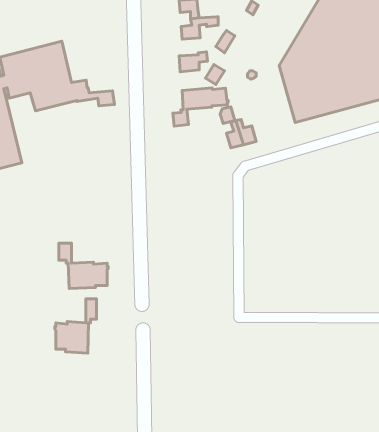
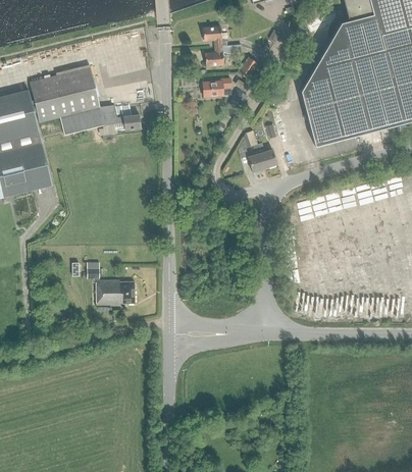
building: [173,88,228,126] -> none
building: [55,299,97,353] -> none

